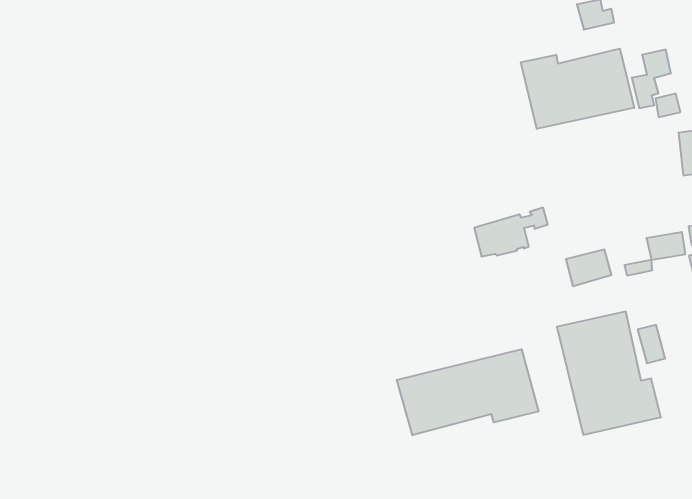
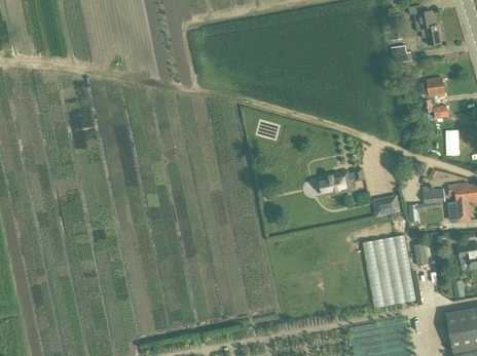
building: [521,49,634,129] -> none
building: [397,349,539,435] -> none

